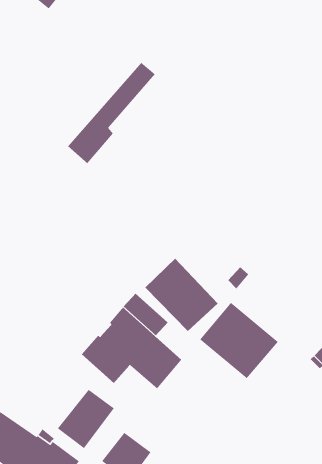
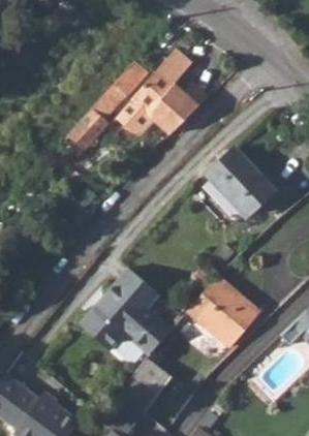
building: none -> [116,49,209,135]
building: [145,258,218,332] -> [207,149,274,216]
building: [57,389,115,449] -> [119,359,172,413]

